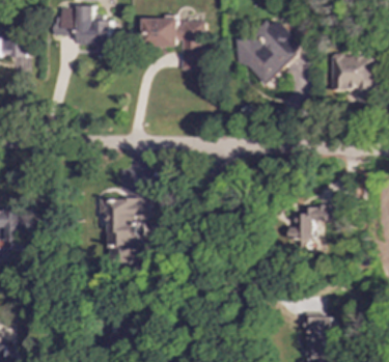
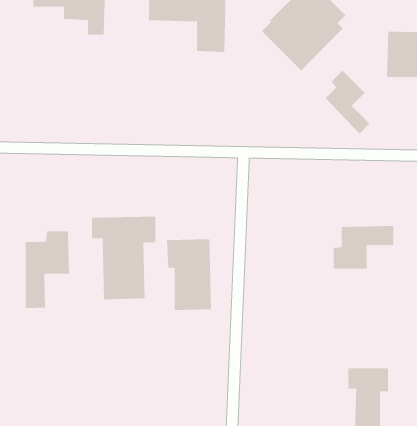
building: none -> [325,70,370,134]
building: none -> [25,230,69,309]
building: none -> [166,238,211,311]

